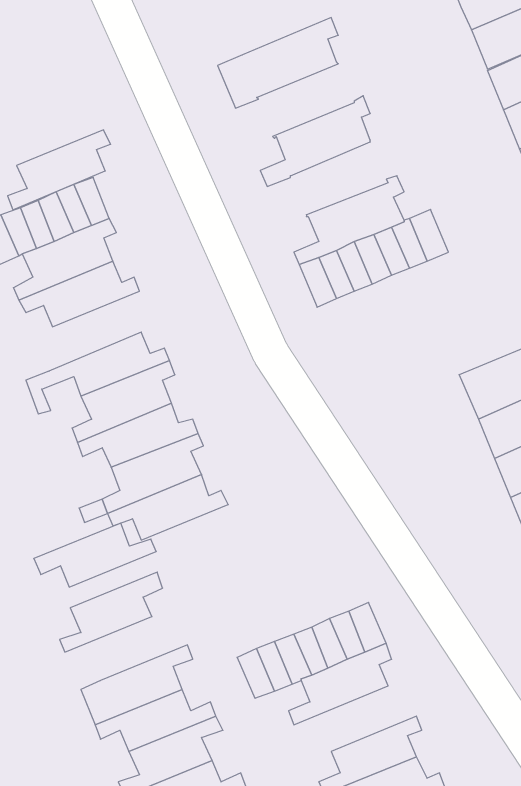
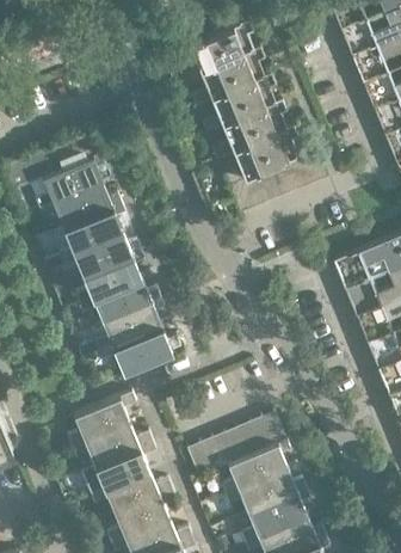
building: none -> [193,55,267,116]
building: [8,130,111,210] -> [58,213,128,266]
building: none -> [215,109,290,170]
building: [34,523,156,587] -> [73,431,155,474]
building: none -> [227,478,309,522]

